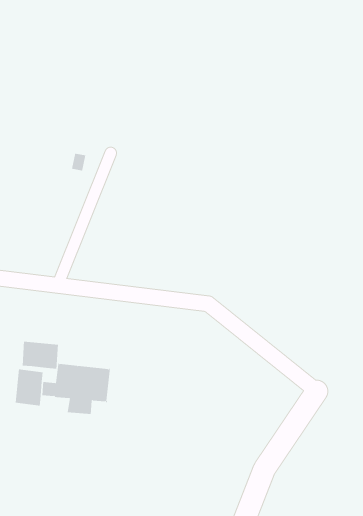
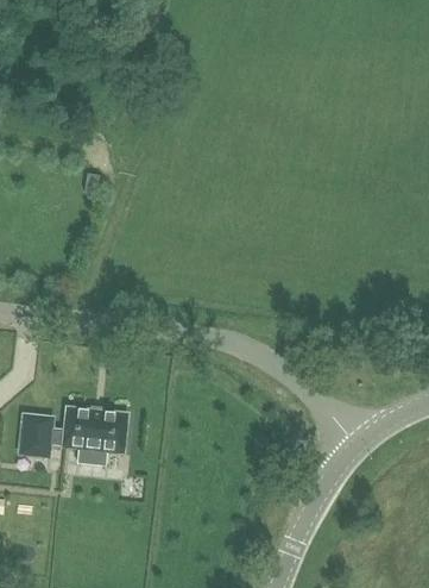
building: [22,341,58,369] -> none

